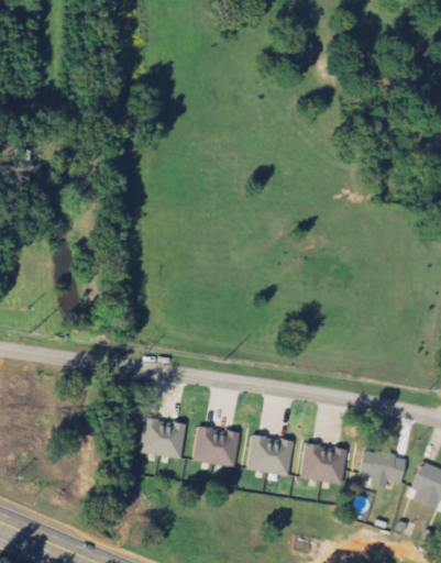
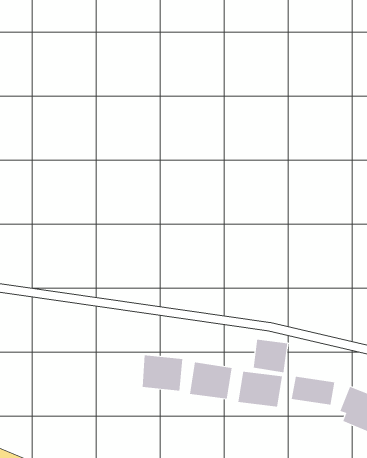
building: none -> [253,339,288,373]
building: [140,419,186,459] -> none

